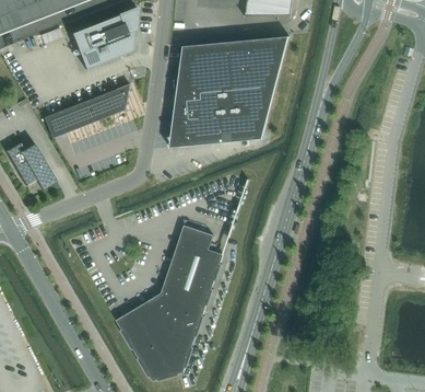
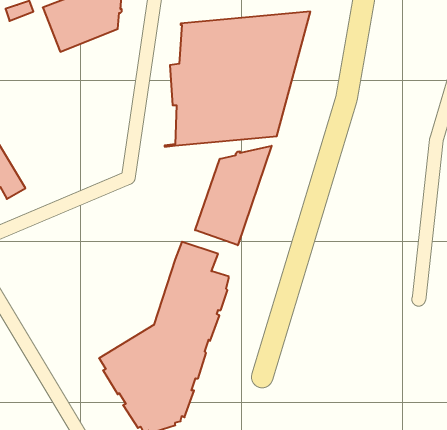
building: [44,84,129,138] -> none
building: none -> [195,146,272,245]

